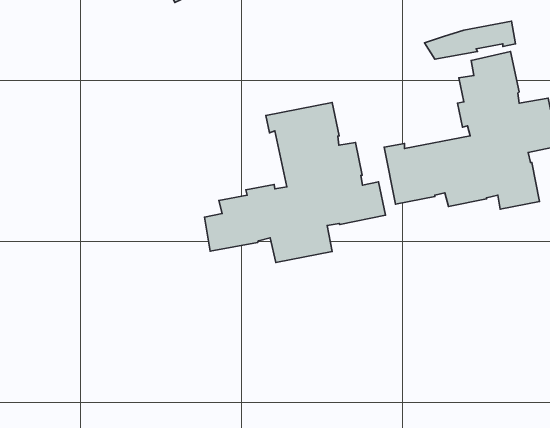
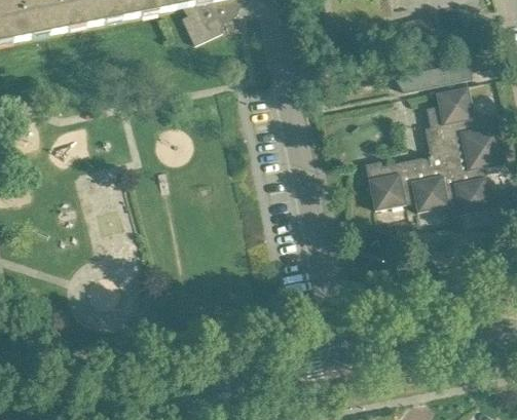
building: [204,102,385,262] -> none

